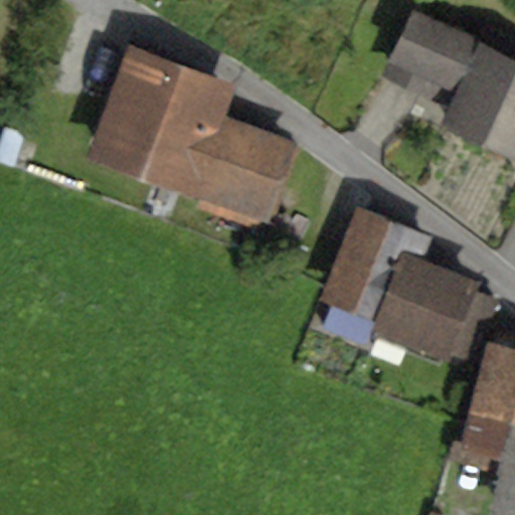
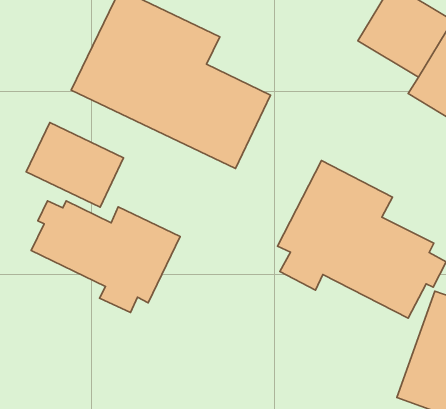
building: none -> [26,123,124,207]
building: none -> [31,201,180,313]

